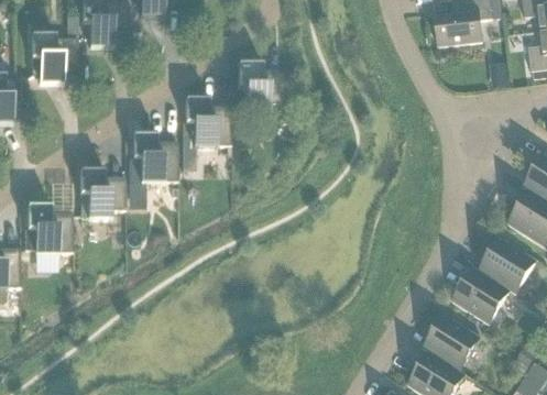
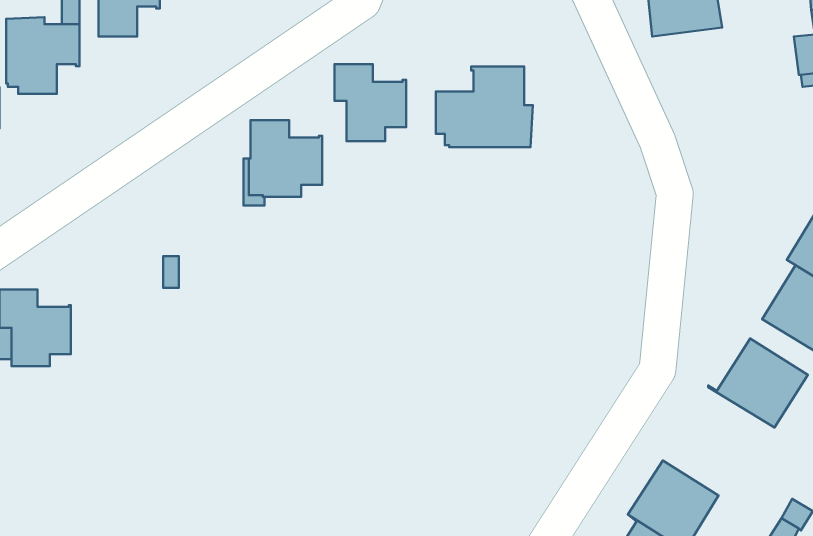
building: none -> [436,67,533,147]
building: [132,135,177,183] -> none
building: [79,171,124,219] -> none
building: [452,267,515,323] -> none

